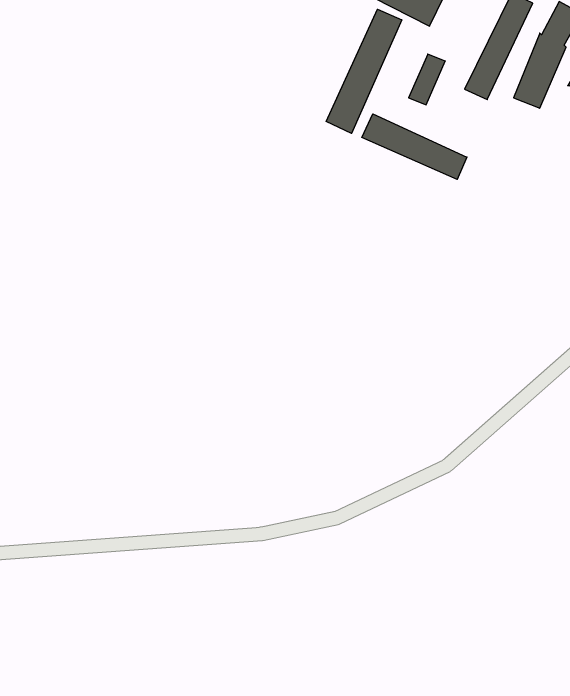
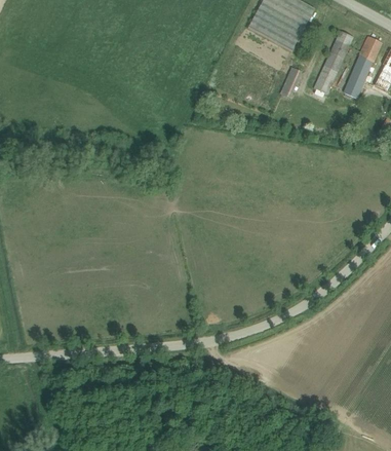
building: [326,9,402,133] -> none
building: [362,114,467,179] -> none

